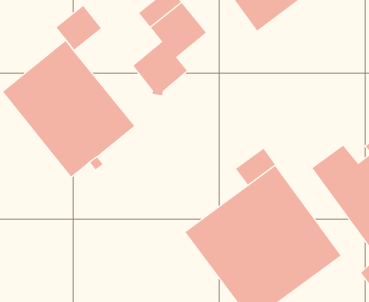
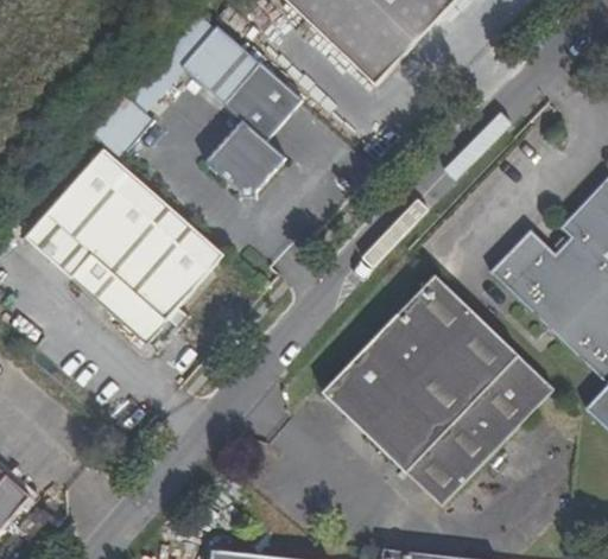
building: [235,148,276,186] -> none

